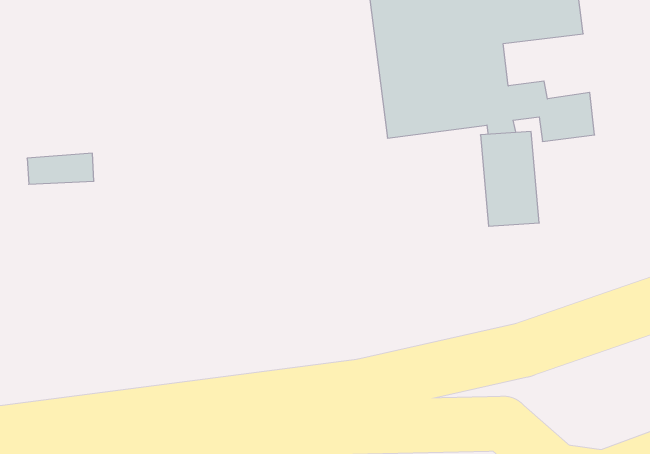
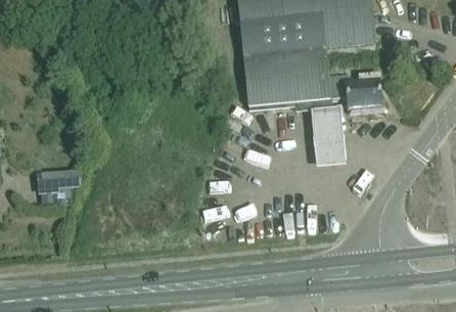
building: [27,153,94,184] -> [40,169,82,188]

